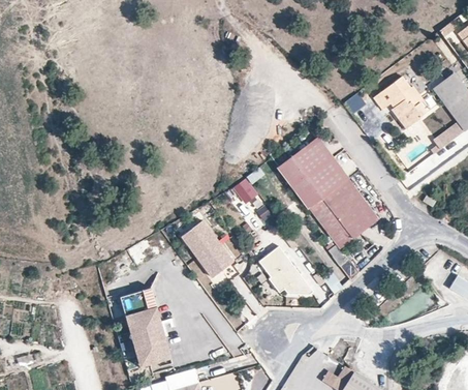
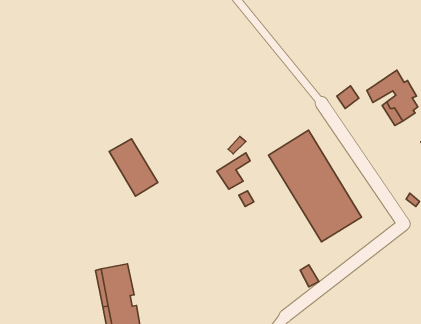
building: [182,223,232,279] -> [109,139,158,196]
building: [258,247,312,298] -> none

